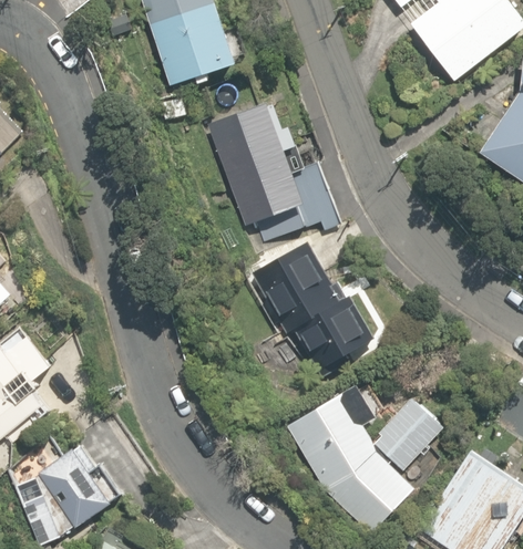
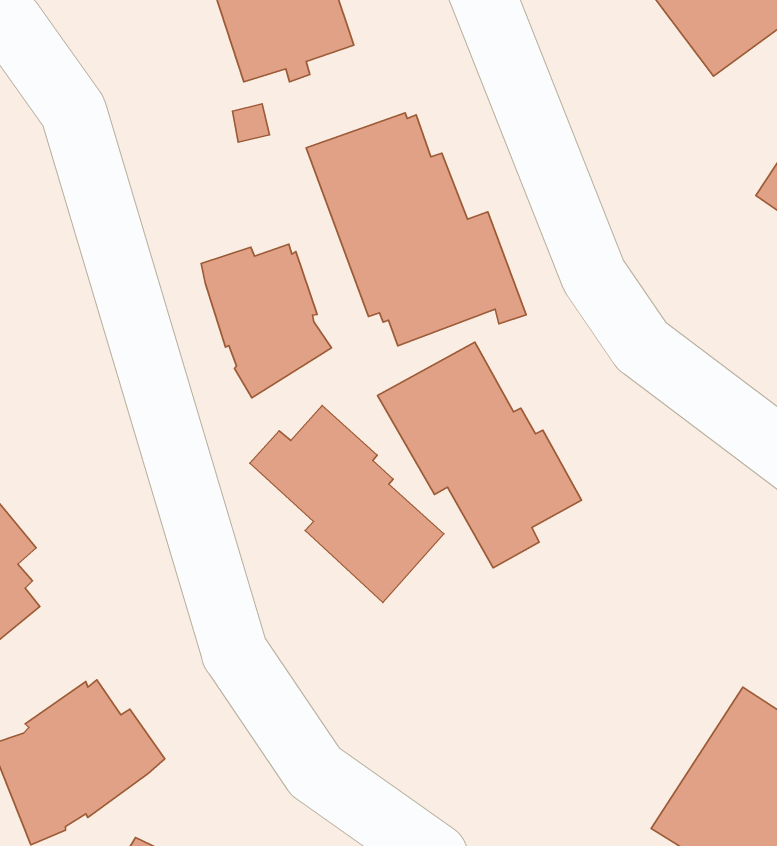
building: none -> [201,244,331,398]
building: none -> [250,406,444,602]
building: [287,384,443,532] -> none

